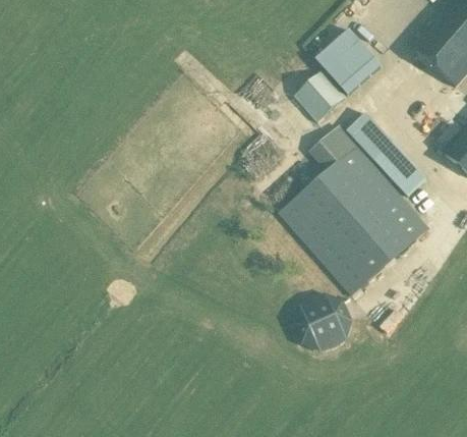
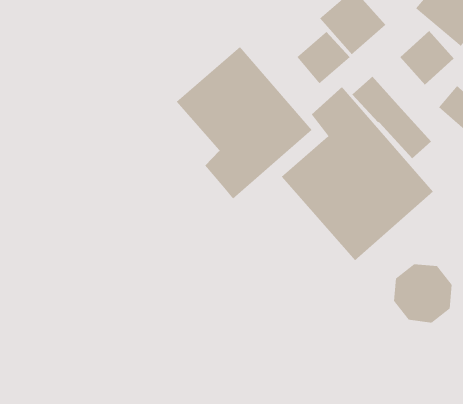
building: none -> [399,30,455,85]
building: none -> [176,46,312,199]
building: [294,292,352,350] -> [393,264,453,323]

